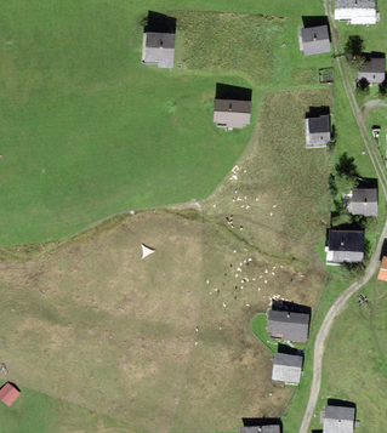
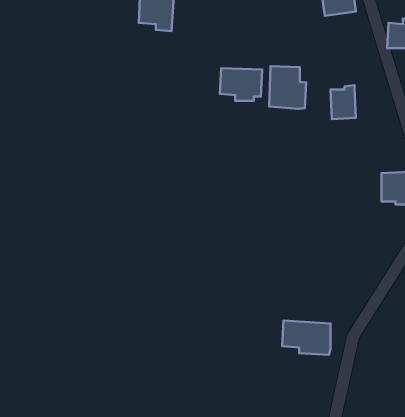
building: none -> [269,66,306,109]
building: [328,228,365,261] -> none
building: [272,355,302,386] -> none

